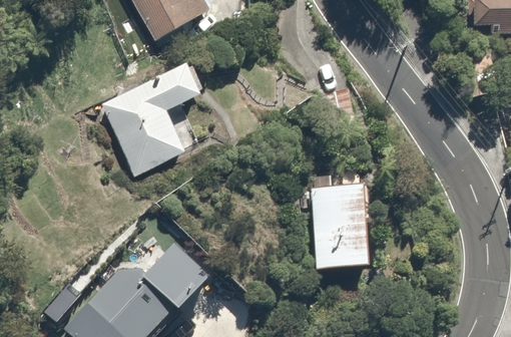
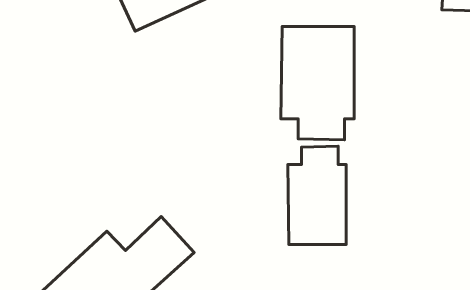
building: none -> [281,27,354,140]
building: [98,63,201,179] -> none

